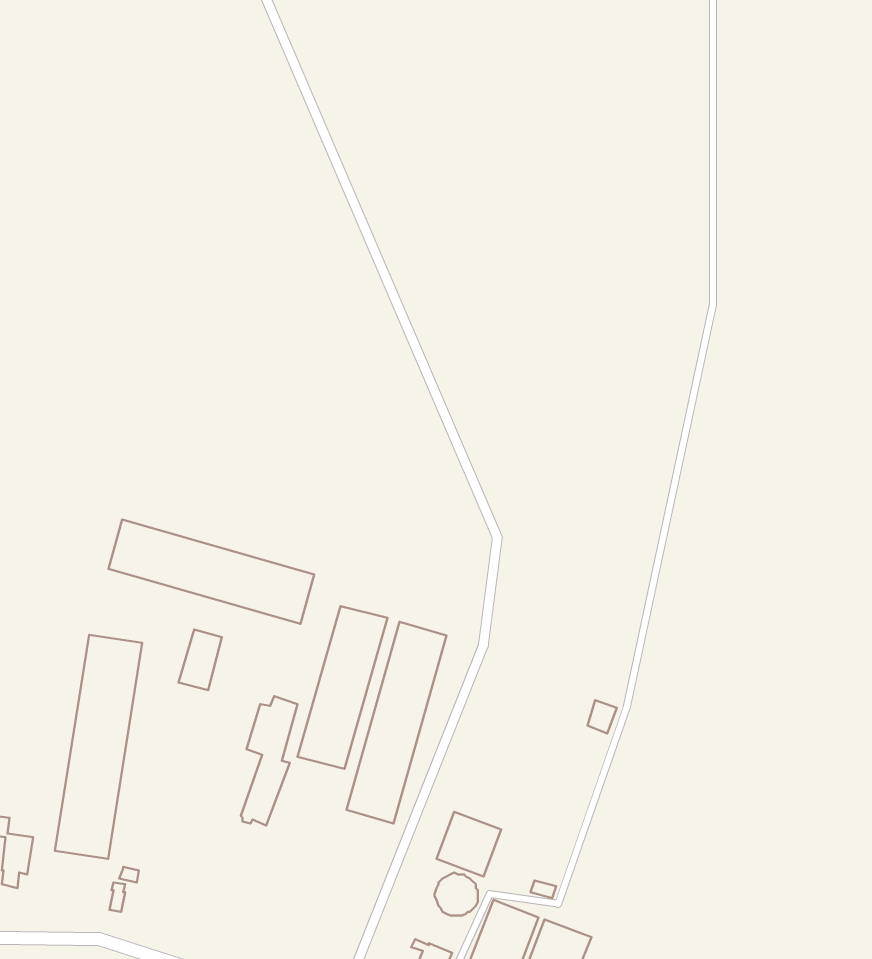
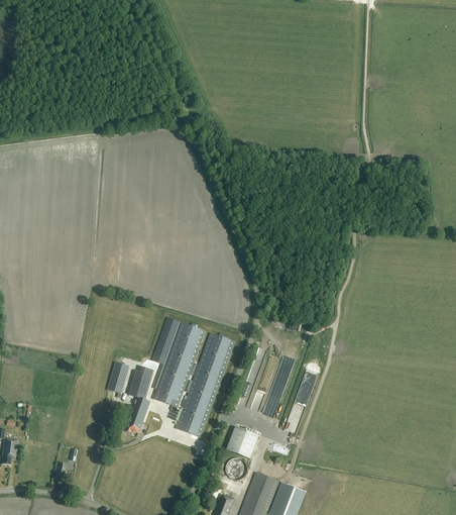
building: [109,520,314,624] -> none
building: [179,629,222,690] -> [106,364,128,395]
building: [55,635,142,859] -> none

